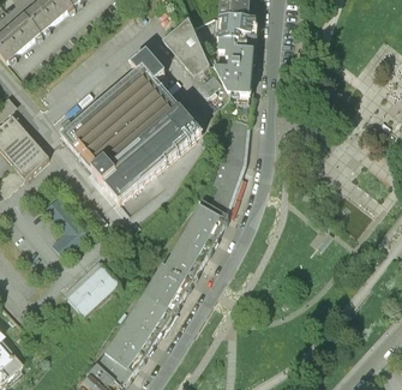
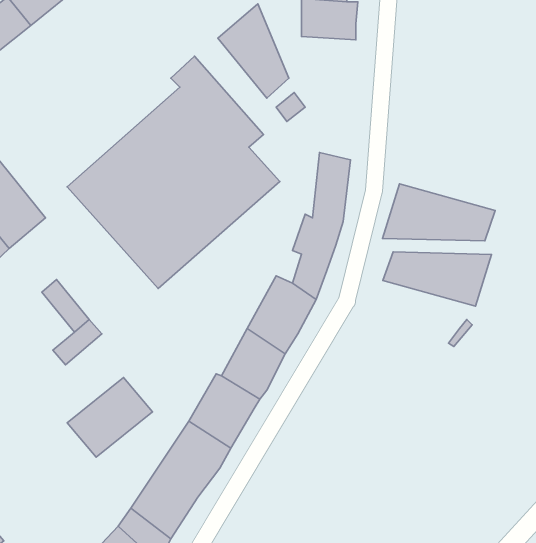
building: [212,38,253,94] -> none
building: none -> [383,184,495,241]
building: none -> [383,252,491,306]

